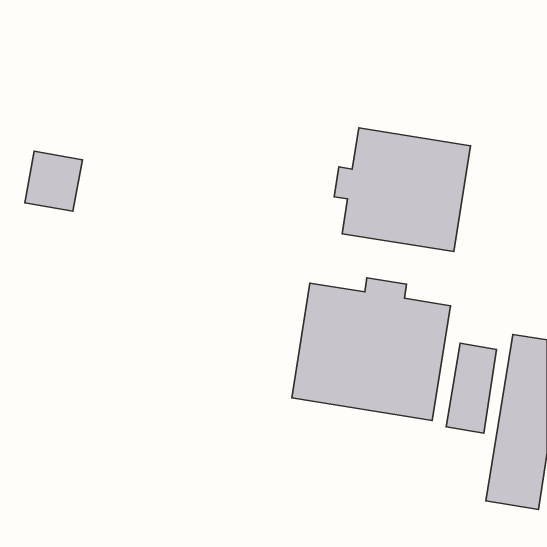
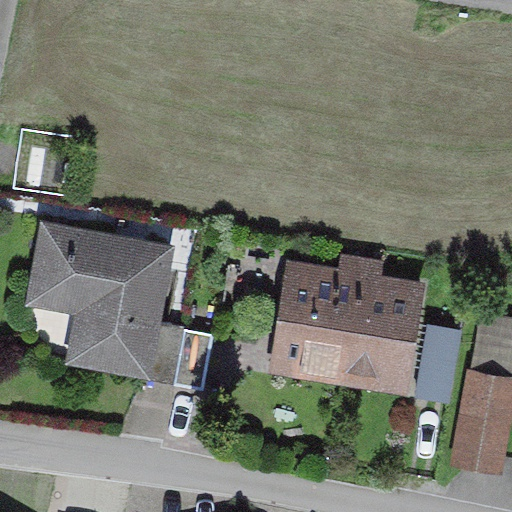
building: [334,128,470,251] -> none
building: none -> [24,220,185,383]

